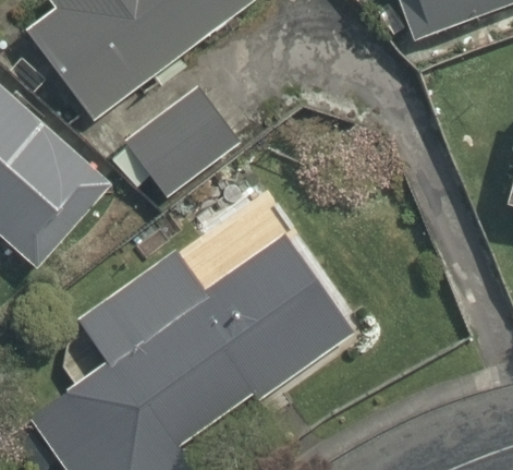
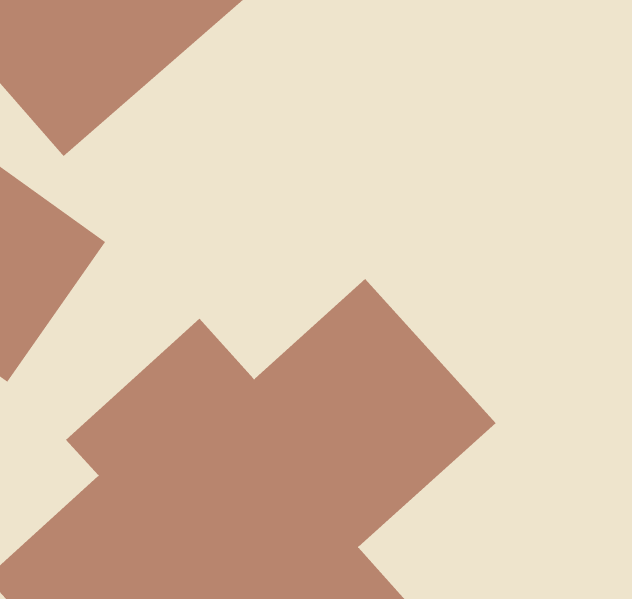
building: [120,82,240,198] -> none

